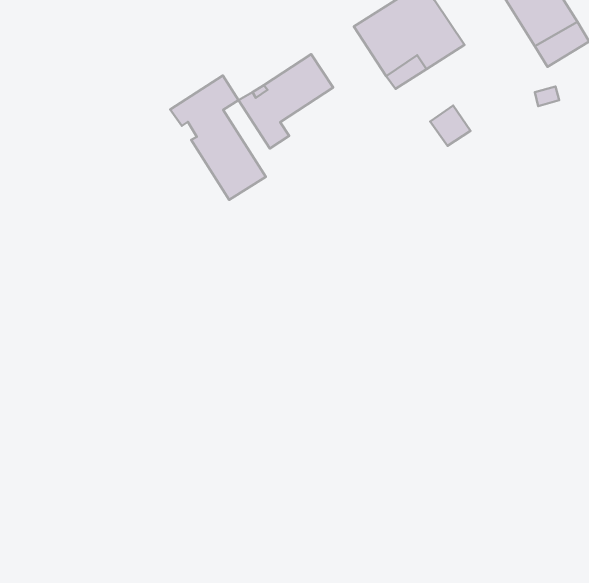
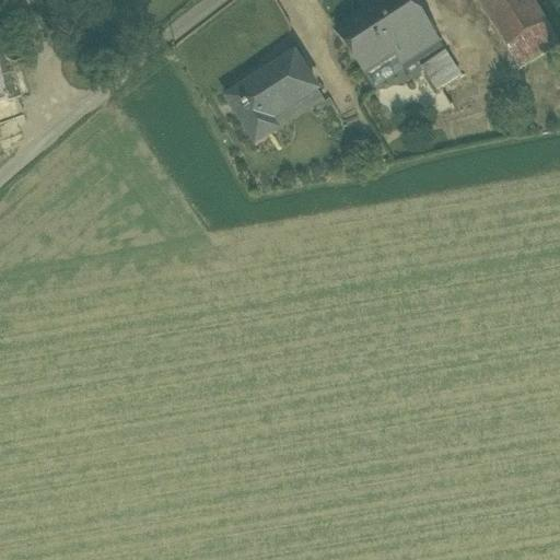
building: [170,76,266,200] -> none
building: [430,105,471,146] -> [420,47,458,85]

